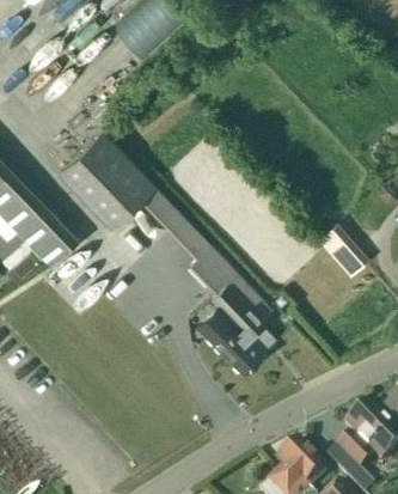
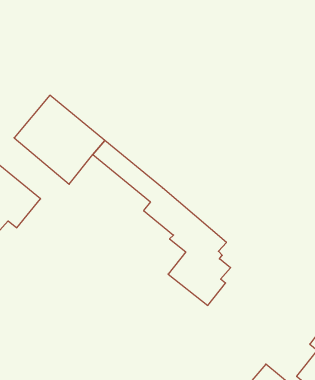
building: [317,224,360,269] -> none

